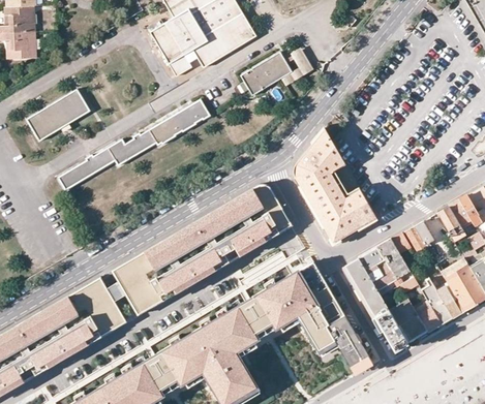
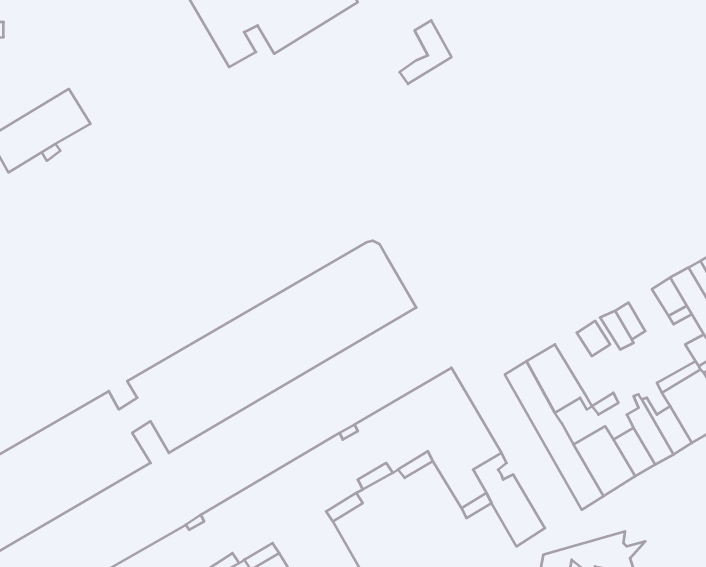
building: [240,53,292,96] -> none
building: [58,100,210,191] -> none
building: [296,130,375,244] -> none
building: [377,241,410,279] -> none

